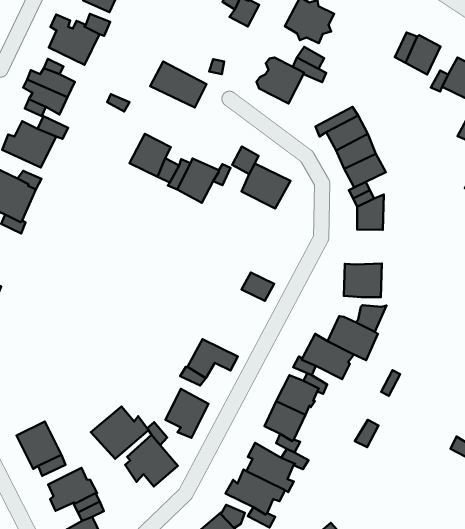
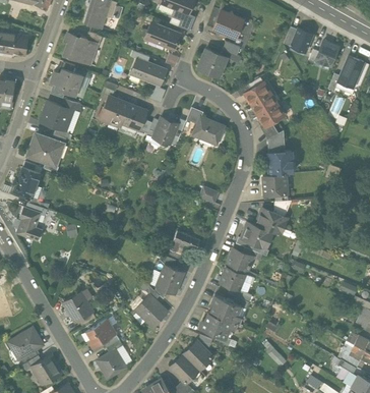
building: none -> [144,21,180,49]
building: none -> [99,95,129,127]
building: none -> [267,153,293,176]
building: [91,406,149,459] -> none

